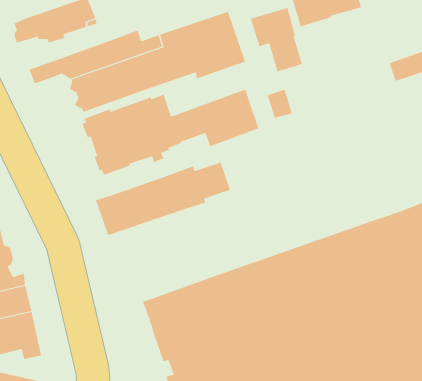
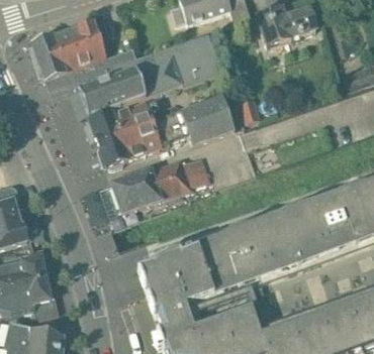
building: [250,7,303,72] -> none
building: none -> [34,52,66,79]

